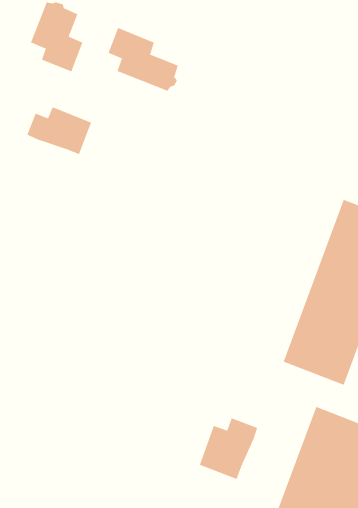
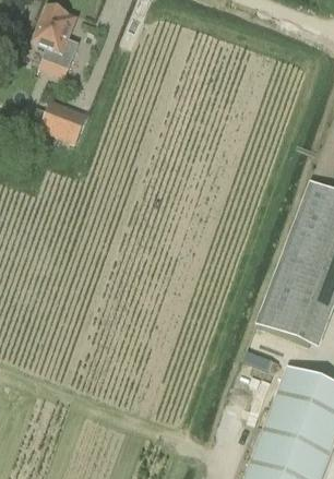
building: [108,27,178,92] -> none
building: [199,417,258,480] -> none

